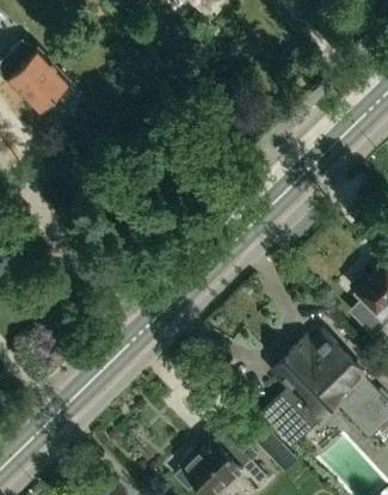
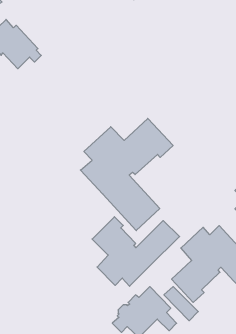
building: none -> [80,118,173,231]
building: none -> [92,217,180,286]

